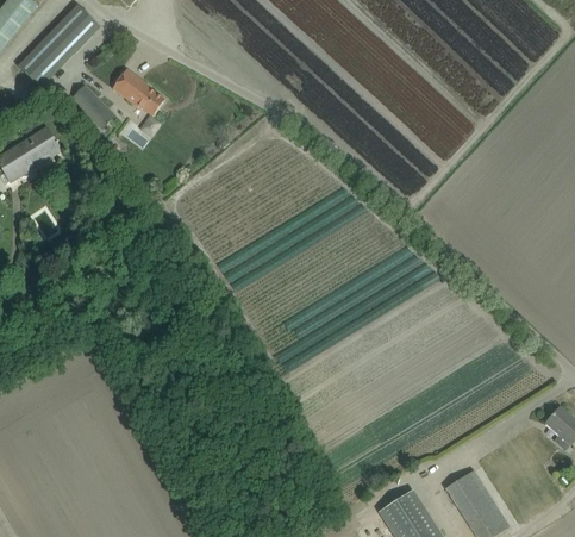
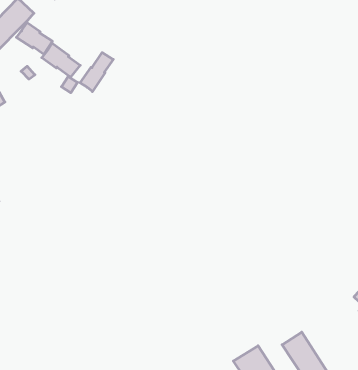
building: none -> [16,22,52,54]
building: none -> [80,53,113,92]

